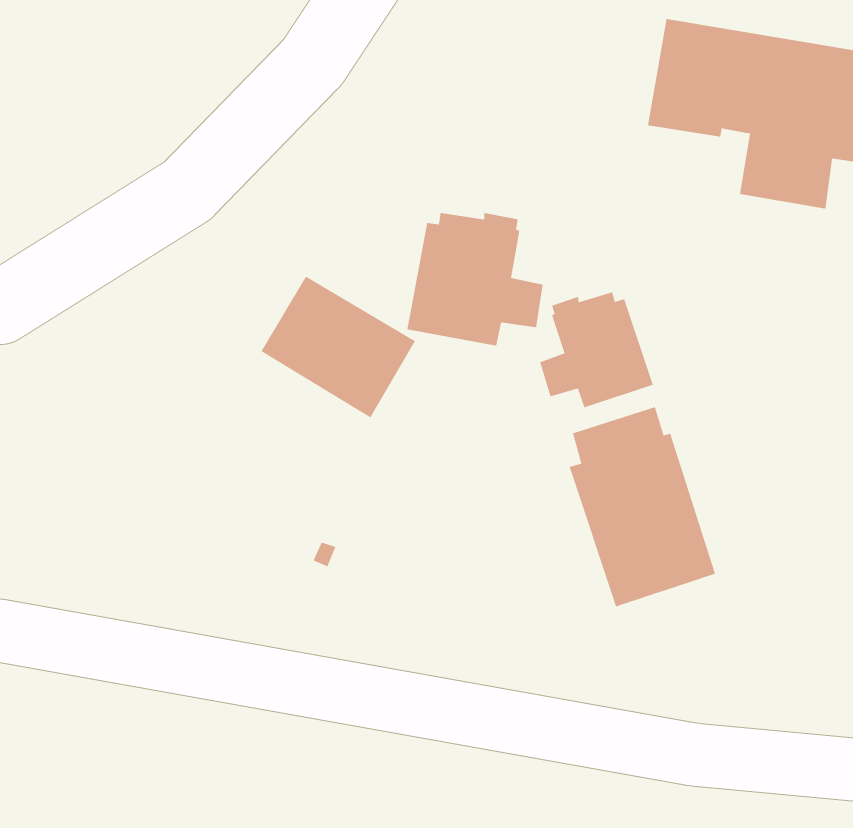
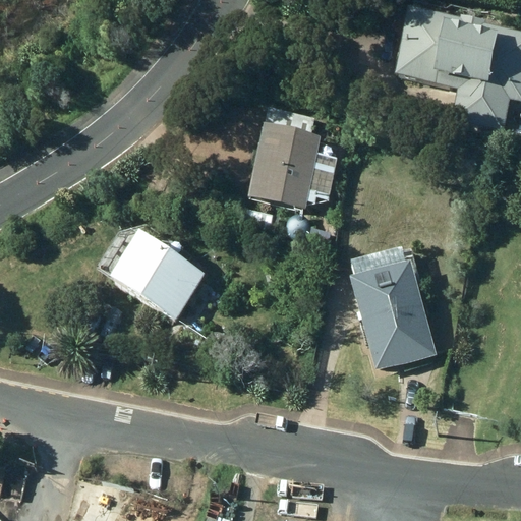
building: [260,276,416,418] -> [109,233,204,320]
building: [540,292,653,408] -> none

